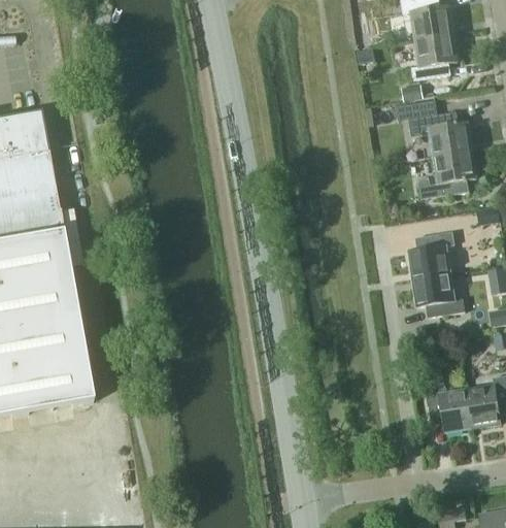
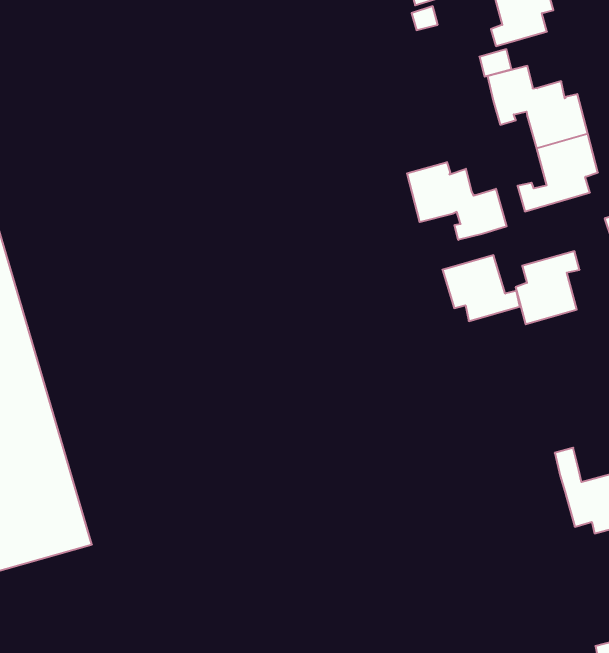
building: none -> [407,162,507,240]
building: [413,271,465,316] -> [442,255,520,321]

